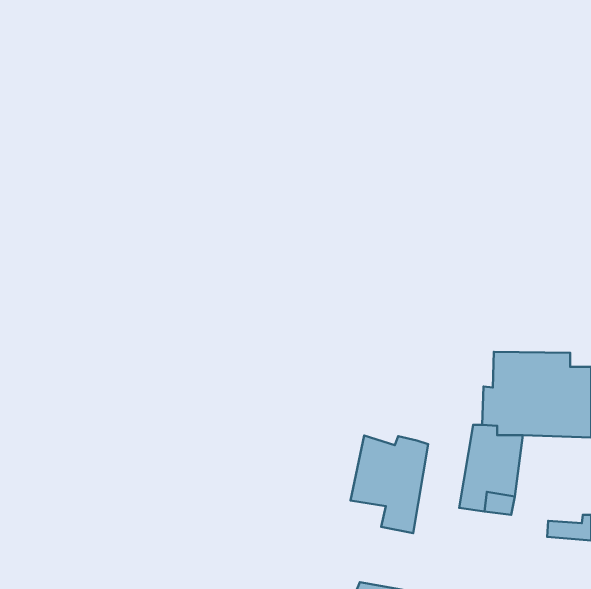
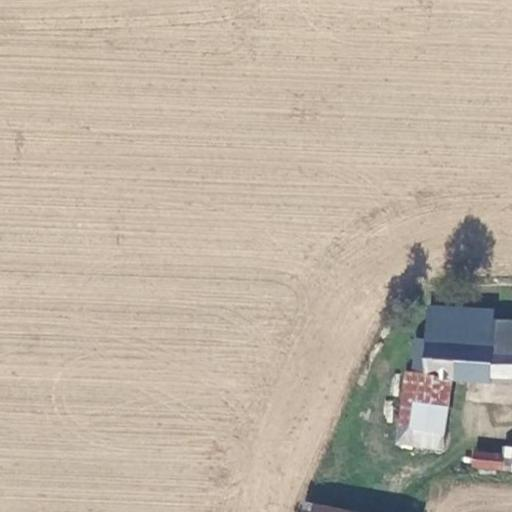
building: [351,436,428,533] -> none

